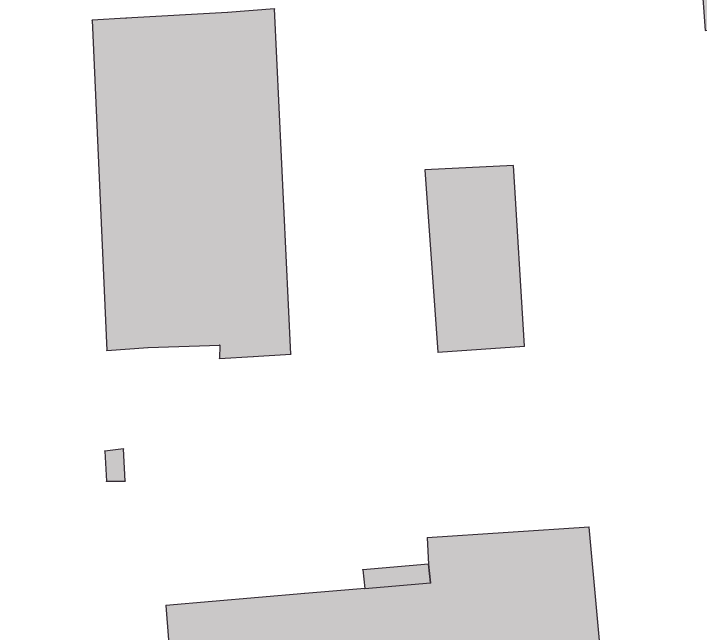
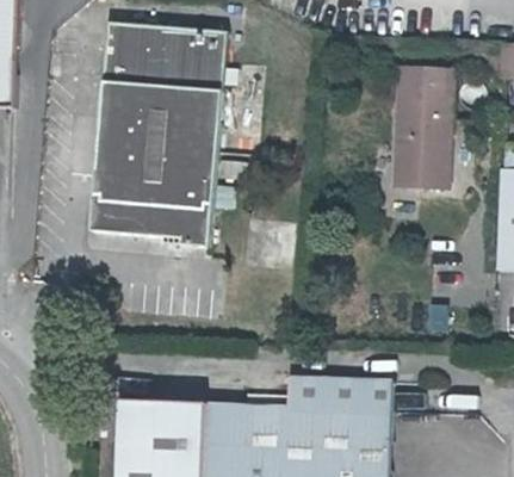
building: [425,166,524,352] -> [390,68,451,186]

